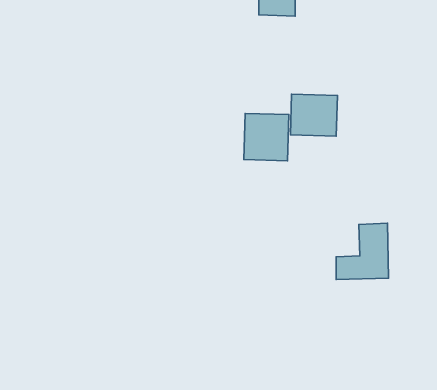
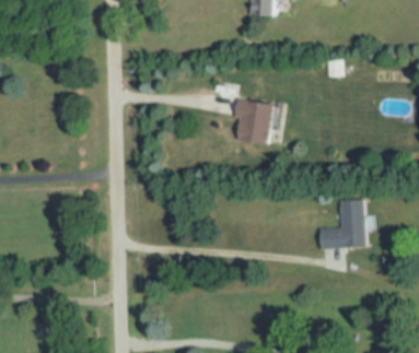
building: [291,94,337,136] -> none

